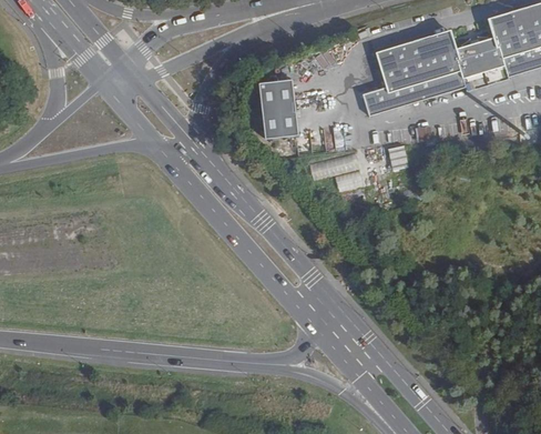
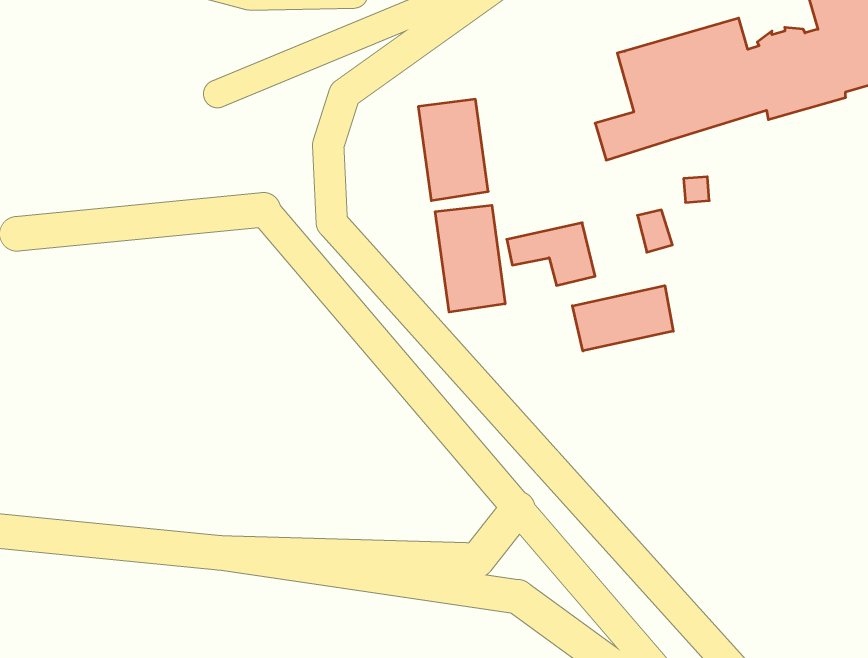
building: none -> [435,205,505,312]
building: none -> [572,286,673,351]

